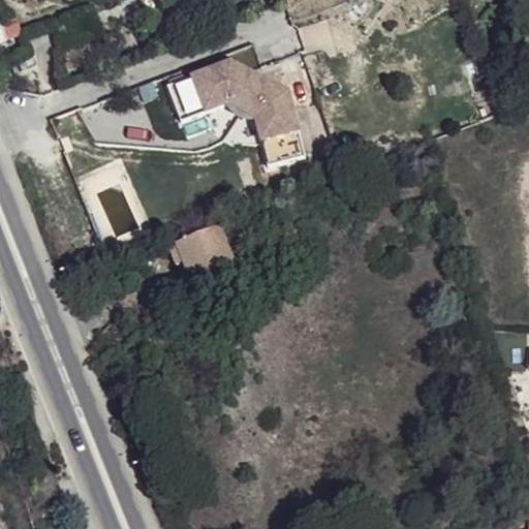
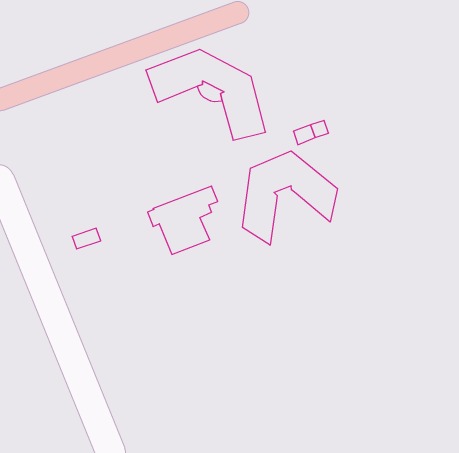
building: none -> [243,151,337,245]

